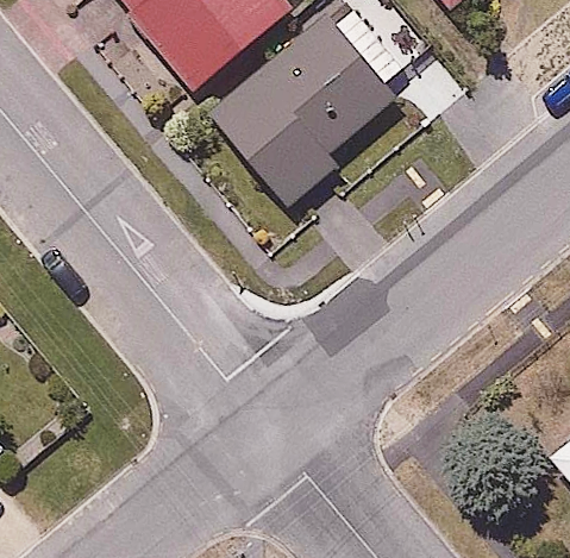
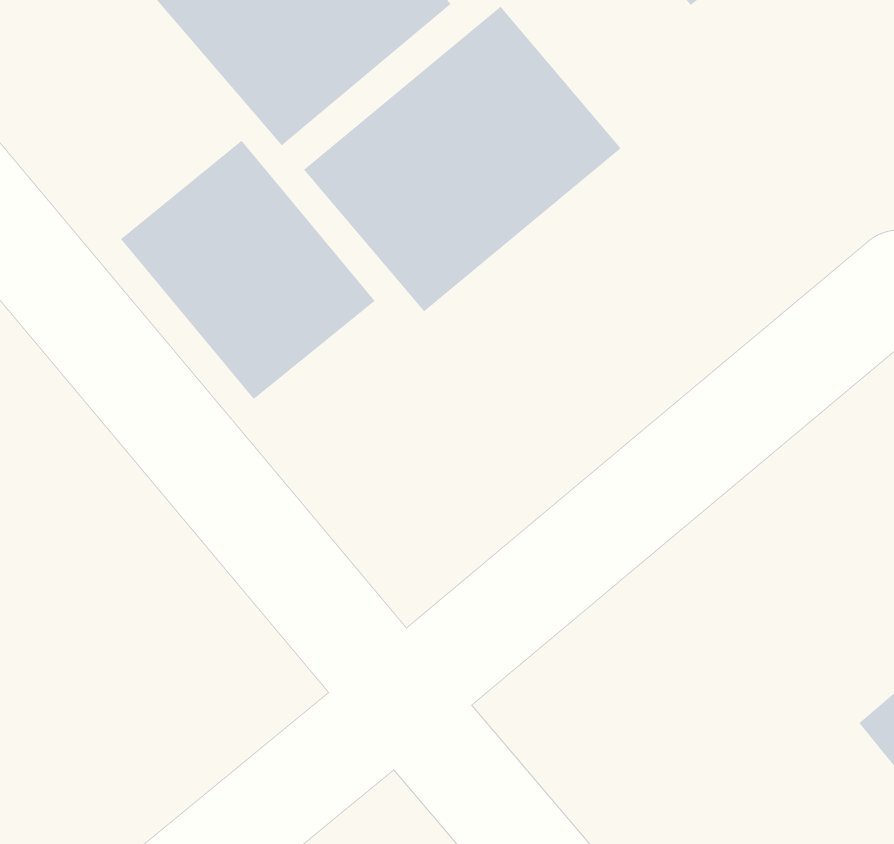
building: none -> [120,140,375,400]

